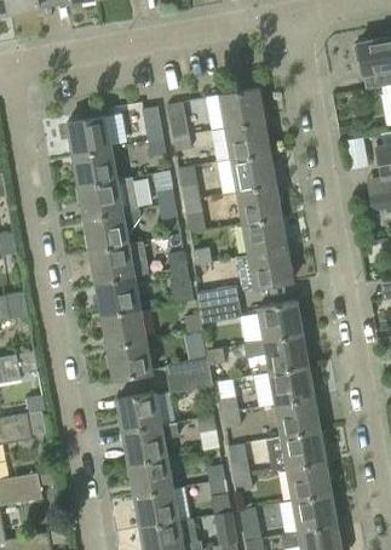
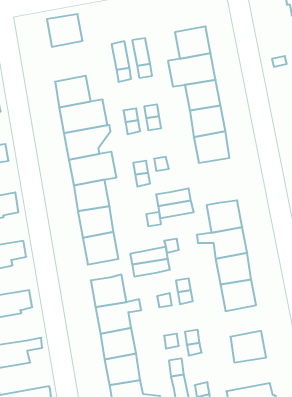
building: [67,116,110,156] -> [47,14,83,47]
building: [237,250,292,291] -> none
building: [265,430,324,471] -> none
building: [277,494,335,535] -> none

